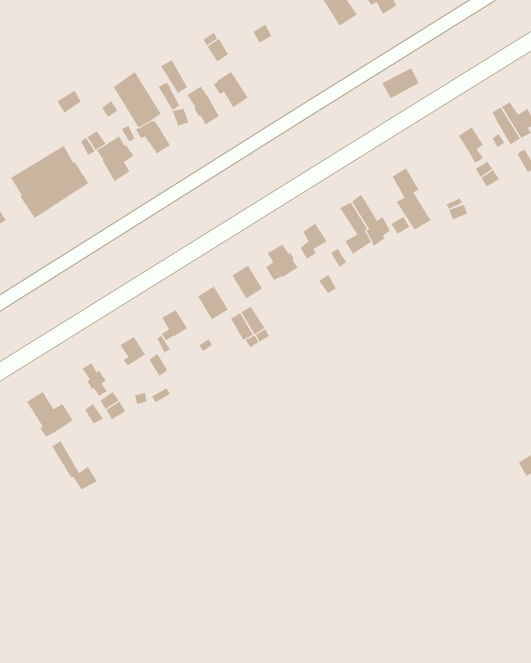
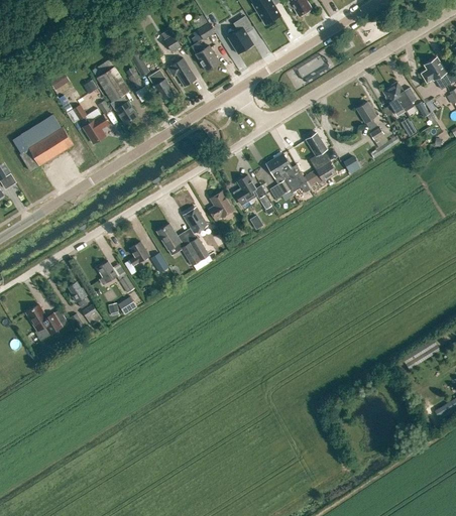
building: none -> [227,15,253,54]
building: none -> [191,41,220,71]
building: [52,440,97,491] -> none

